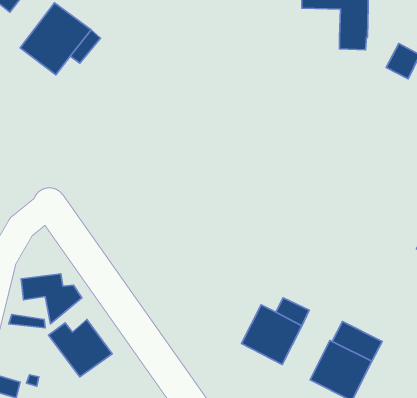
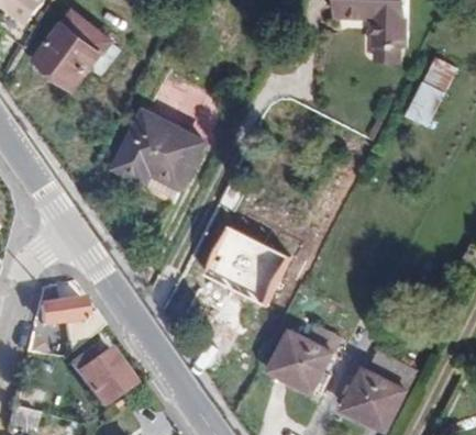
building: none -> [406,79,447,126]
building: none -> [115,109,207,187]
building: none -> [210,226,289,300]

